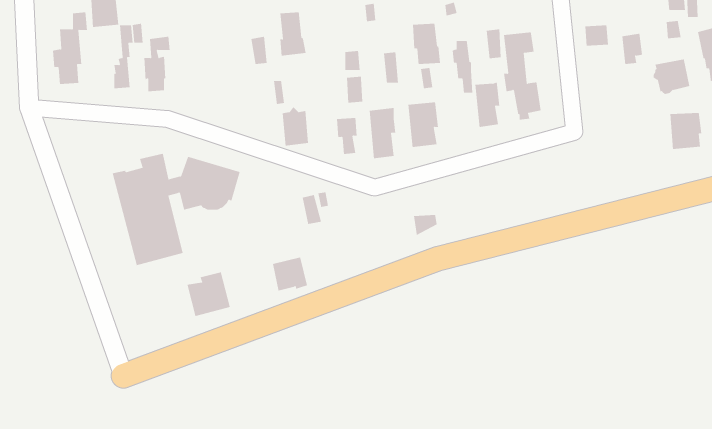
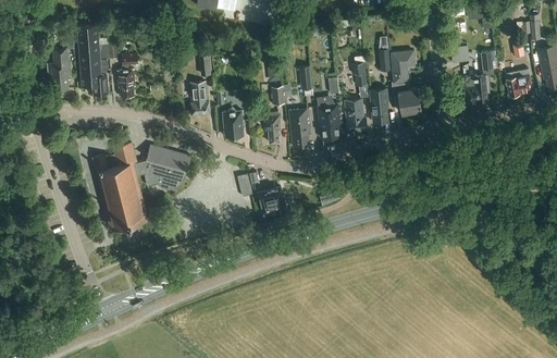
building: [279,12,306,56] -> [189,82,210,115]
building: [412,23,441,65] -> [343,99,364,131]
building: none -> [77,45,100,86]
building: [669,112,702,150] -> [465,76,490,104]
building: [272,257,308,291] -> [258,187,285,213]
building: [187,271,231,317] -> none

